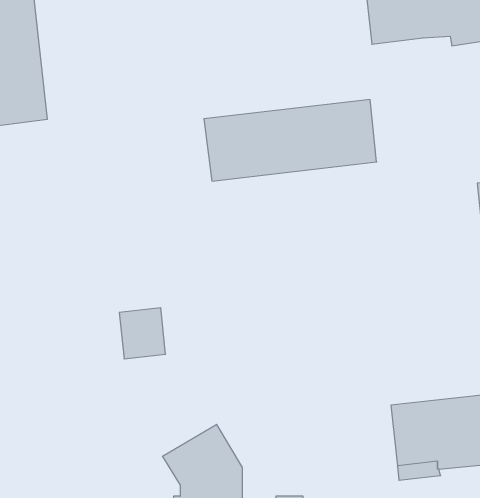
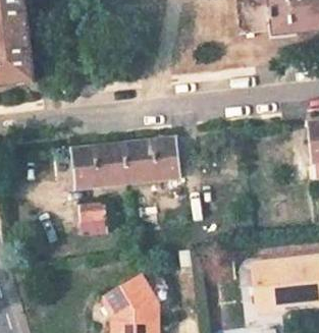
building: [204,100,377,181] -> [70,135,180,187]

